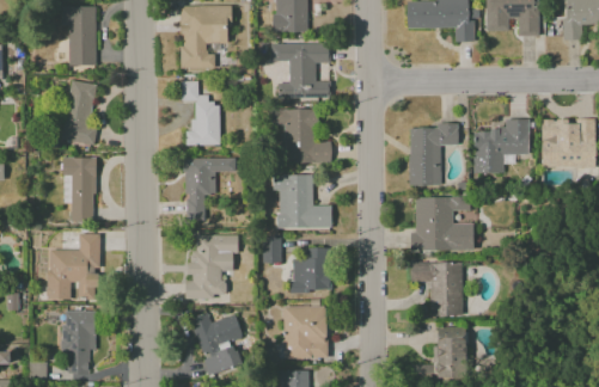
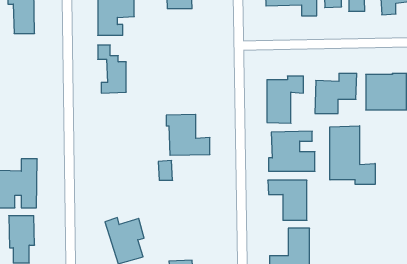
building: [271,43,331,99] -> none
building: [61,80,97,146] -> none
building: [271,110,332,162] -> none
building: [63,158,97,222] -> none
building: [185,159,236,217] -> none
building: none -> [330,126,375,184]
building: [185,235,237,300] -> none
building: [292,248,331,293] -> none
building: [283,306,328,360] -> none

